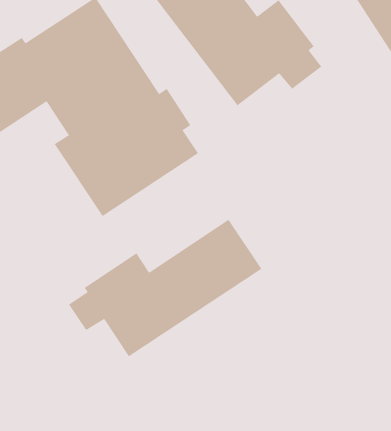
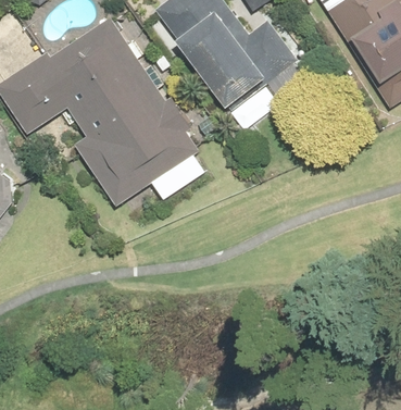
building: [68,219,262,357] -> none

